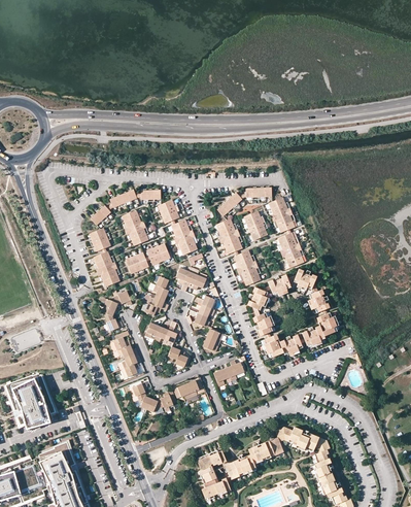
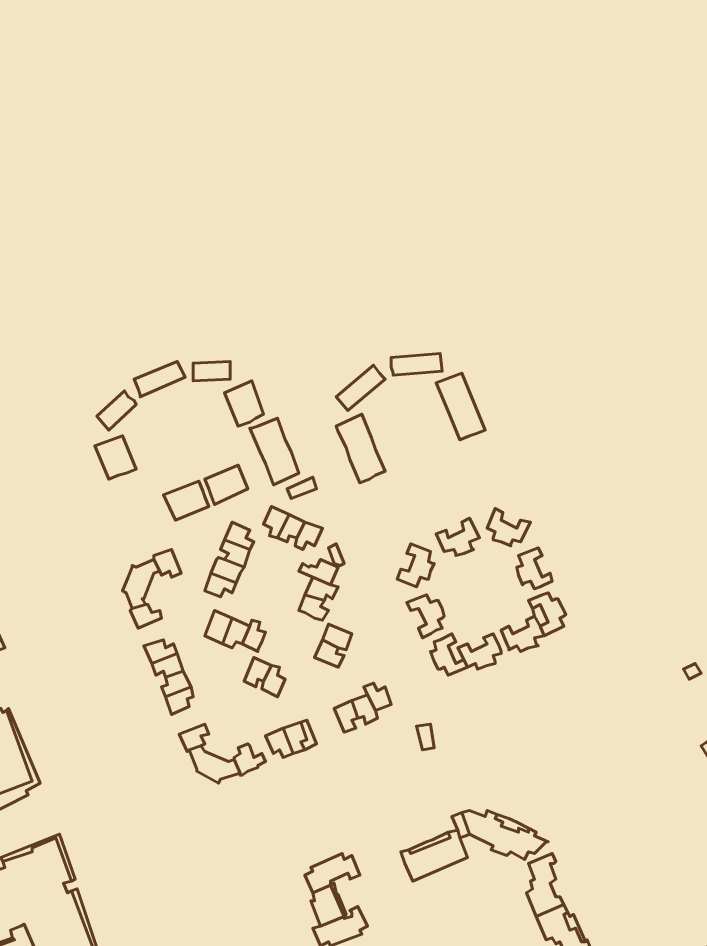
building: [121,211,146,247] -> none
building: [241,211,265,240] -> none
building: [276,232,302,267] -> none
building: [233,250,259,285] -> none
building: [93,252,118,288] -> none
building: [225,454,255,479] -> none

